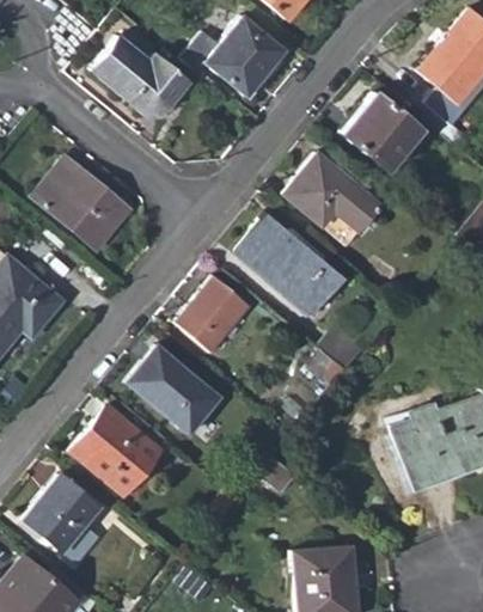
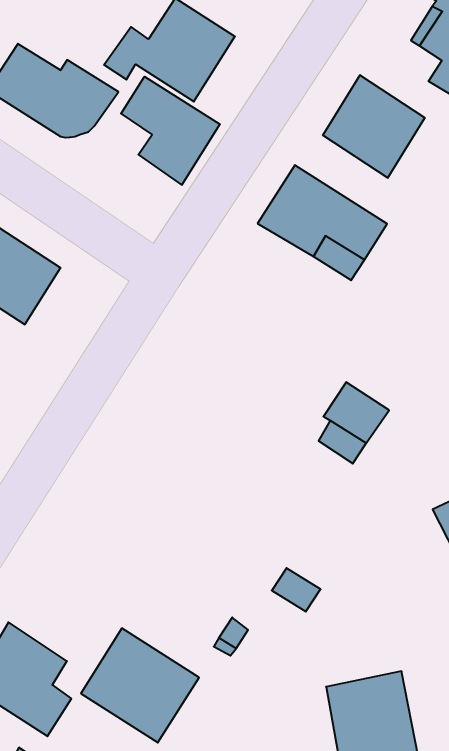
building: none -> [121,77,220,185]
building: [237,215,343,311] -> none
building: [177,279,250,351] -> none
building: [128,347,218,433] -> none
building: [71,406,161,496] -> [81,628,199,743]

